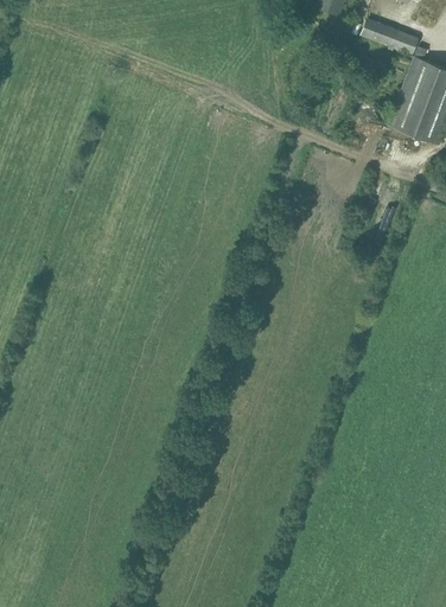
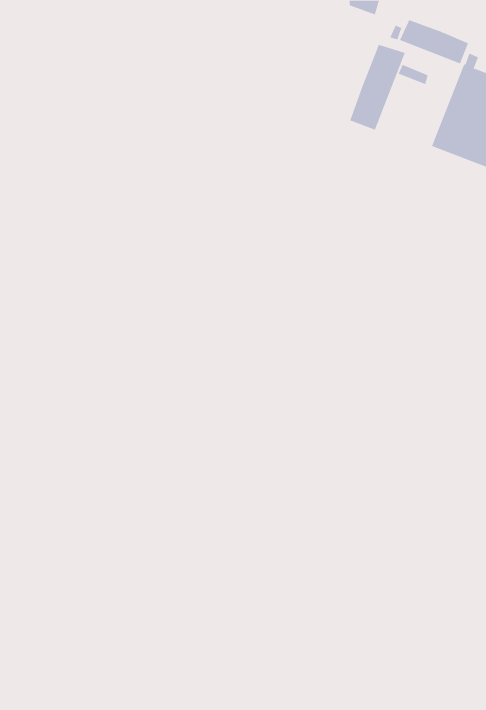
building: none -> [349,44,406,131]

